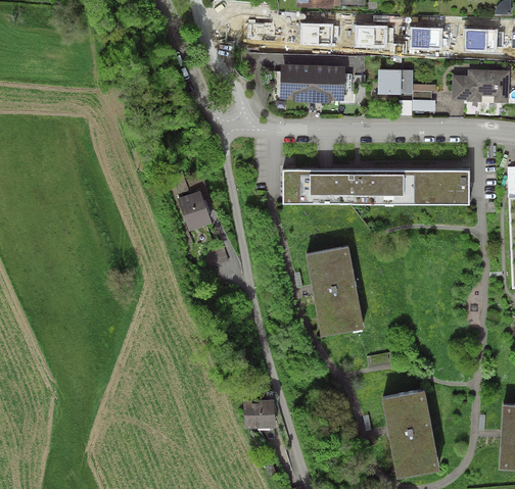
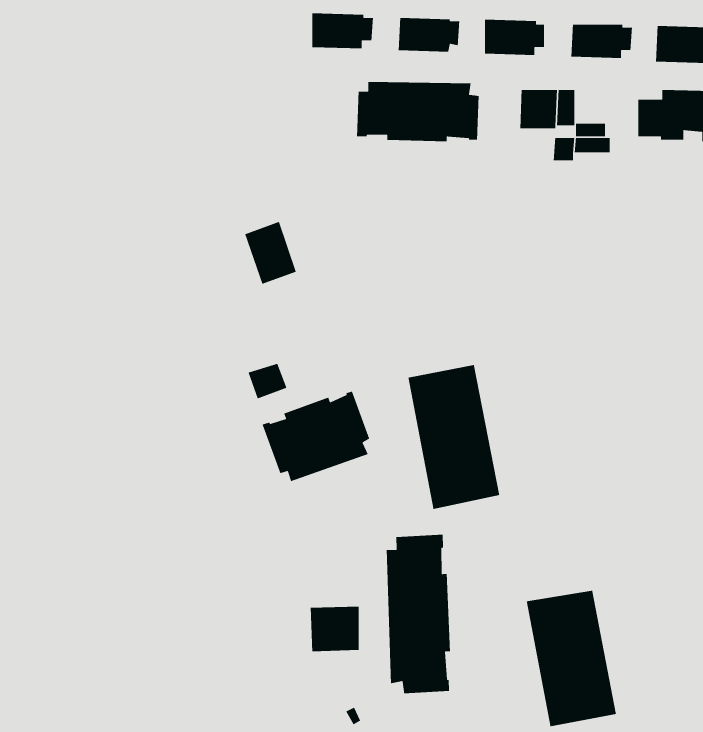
building: [282,169,469,205] -> none
building: [178,191,212,232] -> [244,221,297,285]
building: none -> [261,391,370,482]
building: none -> [386,534,451,694]

